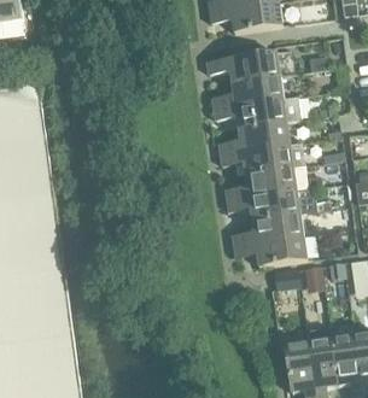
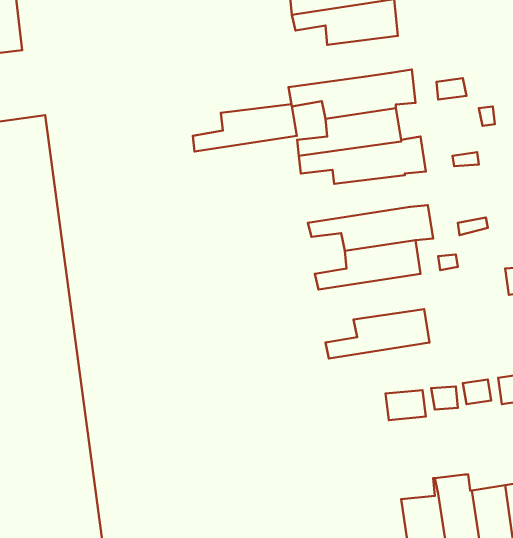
building: [217,121,288,153] -> [193,104,297,152]
building: [226,188,298,220] -> none
building: [233,235,305,264] -> none

